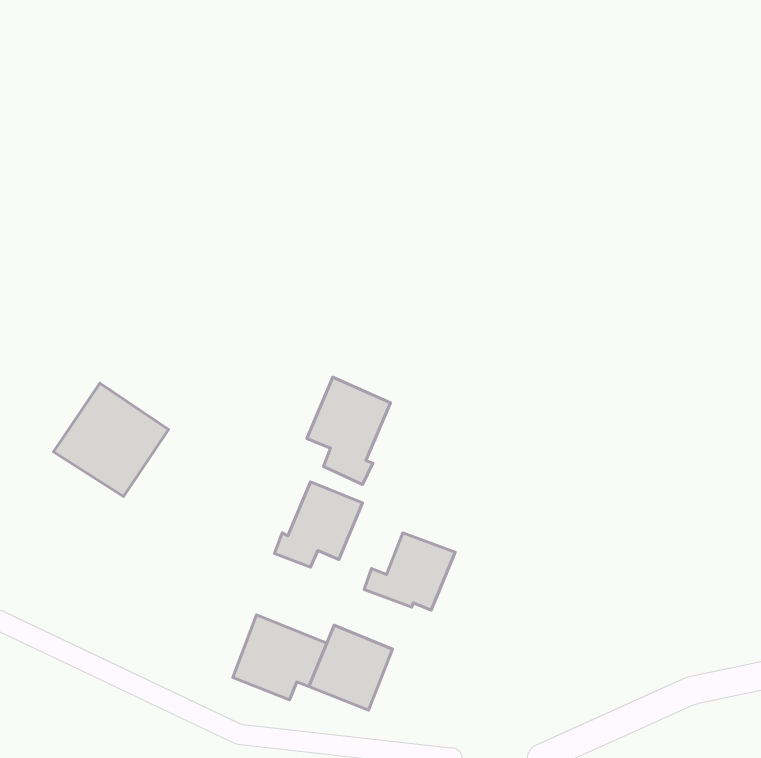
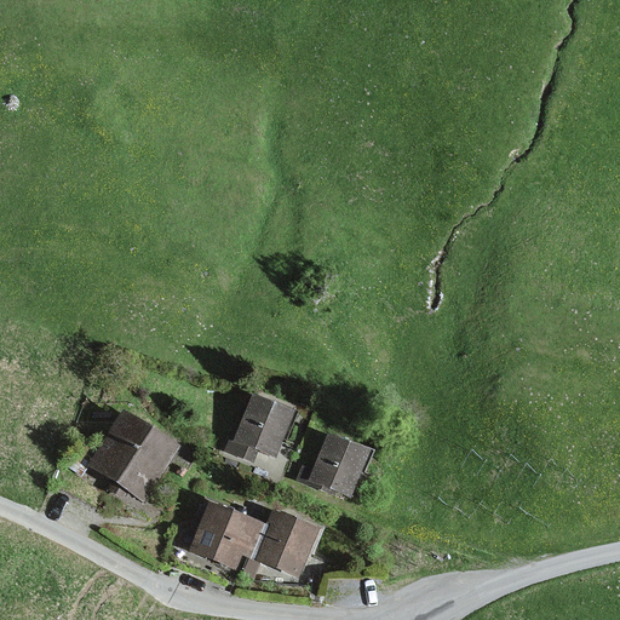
building: [307,377,391,485] -> none
building: [54,383,168,497] -> [87,408,180,500]

